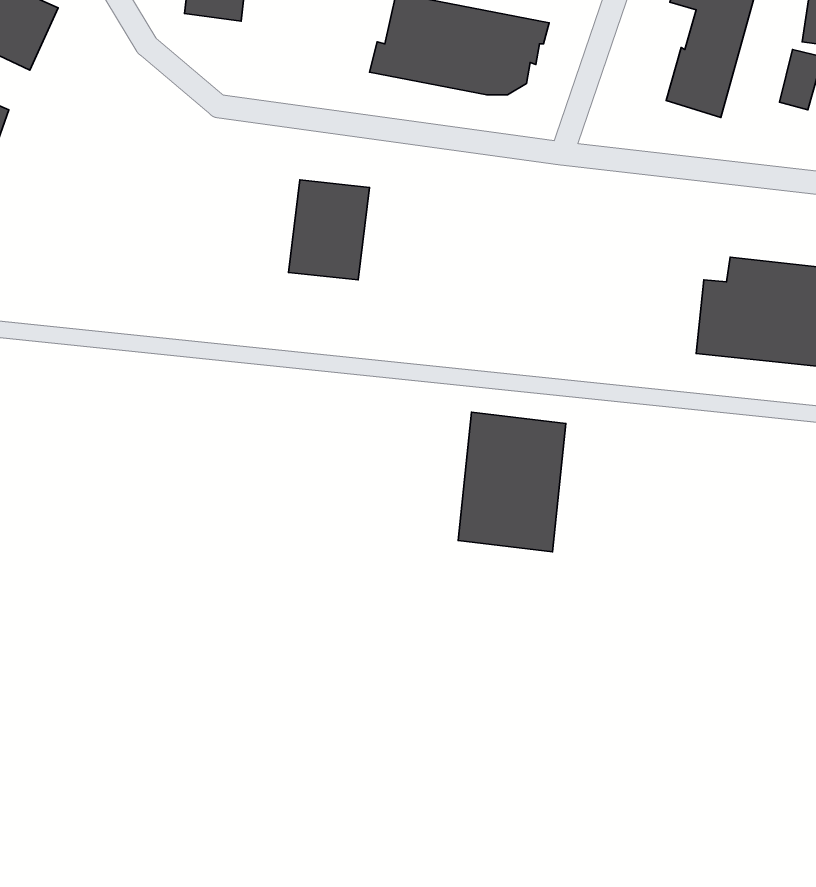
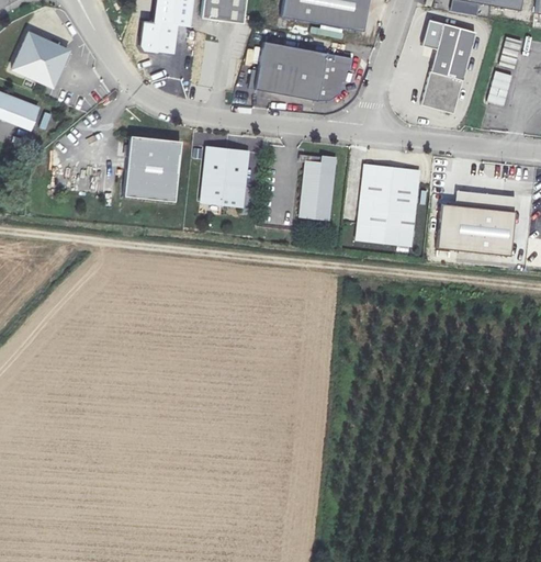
building: none -> [124,136,180,200]
building: none -> [300,157,336,218]
building: [458,412,566,552] -> [356,166,418,247]

